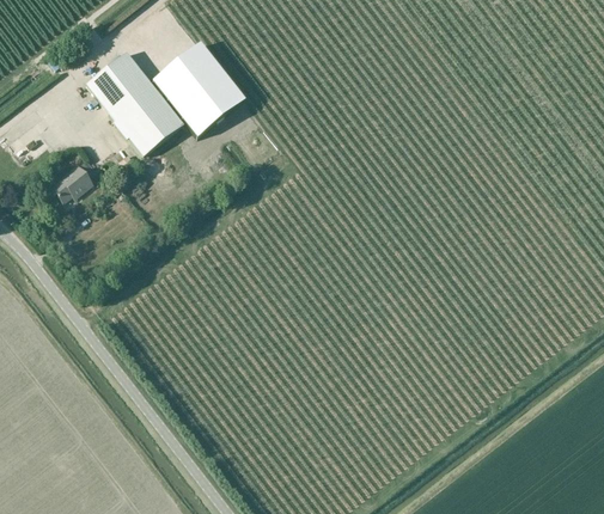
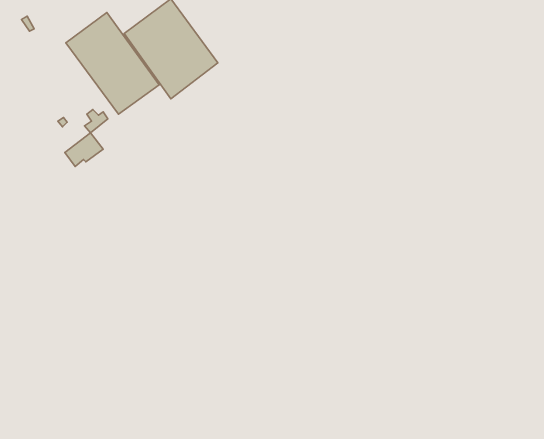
building: [53,166,92,201] -> [65,133,103,167]

